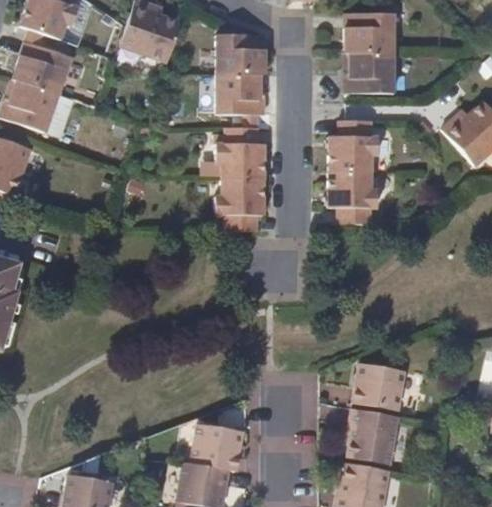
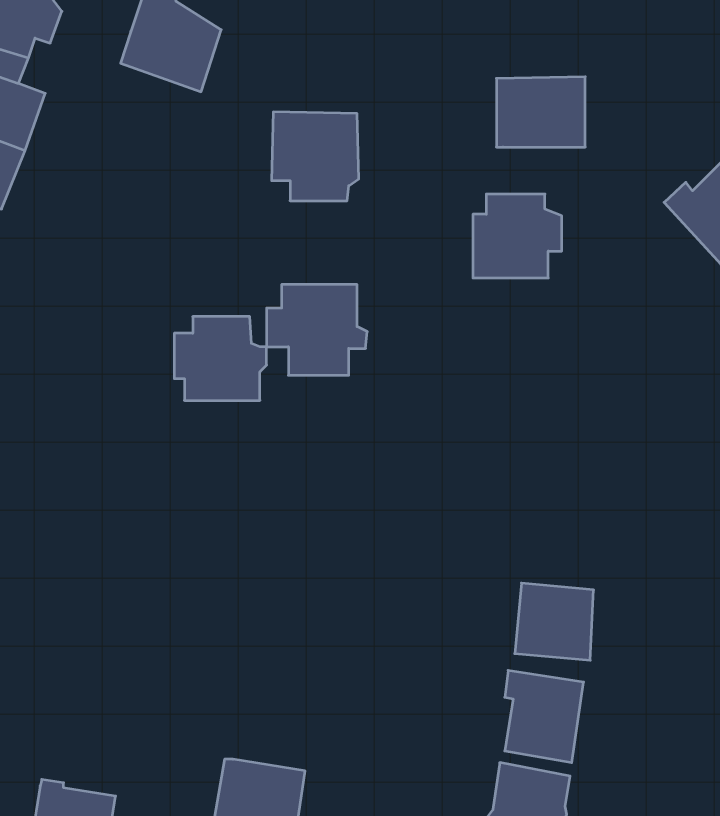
building: [343,16,396,55] -> none
building: [210,32,260,76] -> none
building: [209,128,264,178] -> [174,317,267,400]
building: [325,174,382,225] -> none
building: [186,423,240,469] -> none

